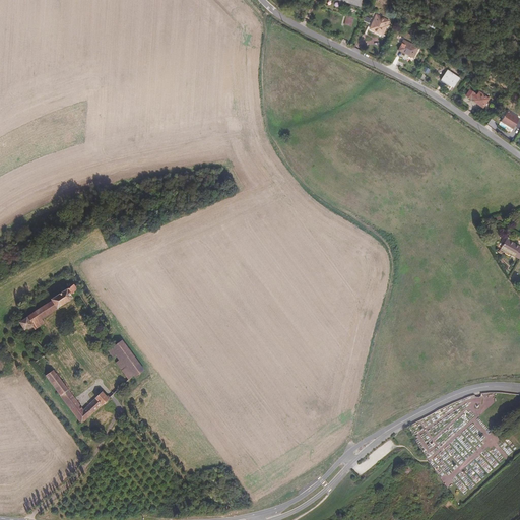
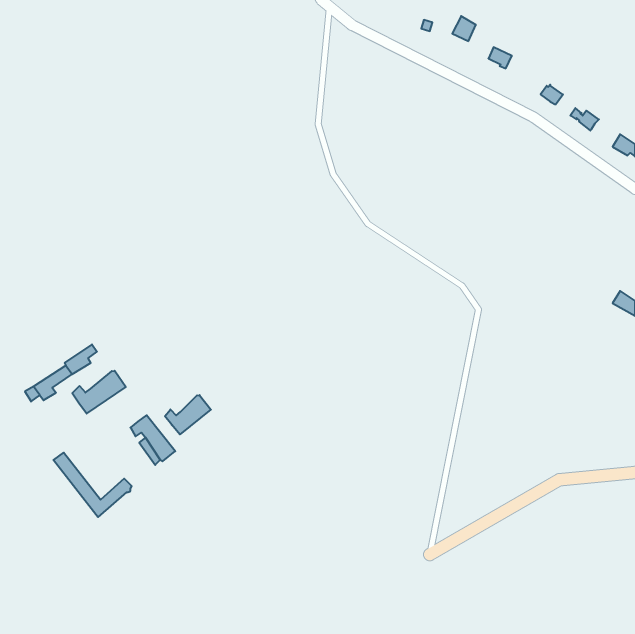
building: none -> [72,371,126,414]
building: none -> [165,395,211,434]

